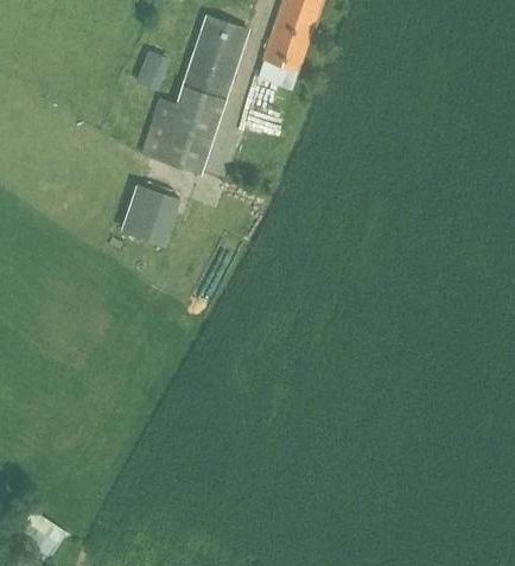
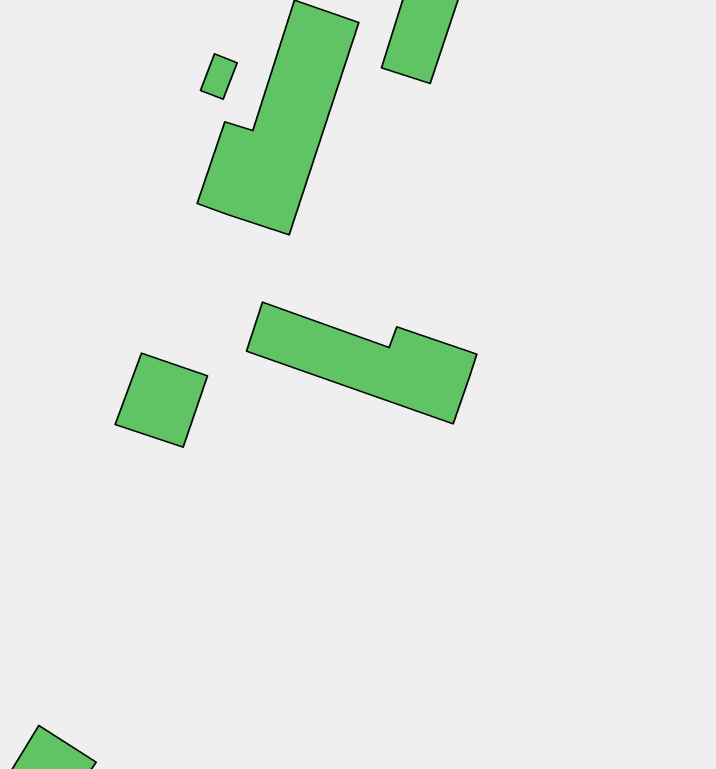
building: [119,183,182,247] -> [115,353,207,447]
building: none -> [247,302,477,424]

